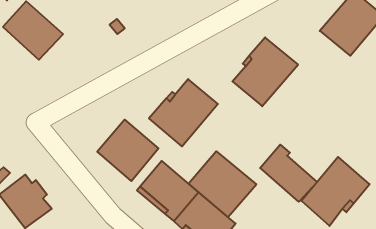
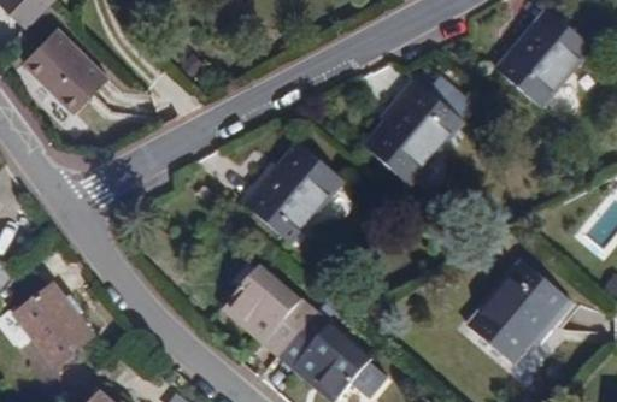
building: [97,120,158,181] -> none
building: [260,145,317,202] -> none
building: [189,151,256,217] -> none

